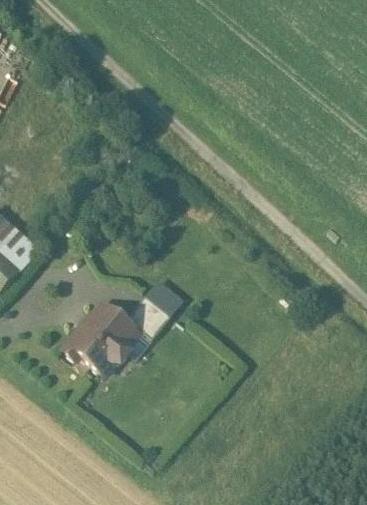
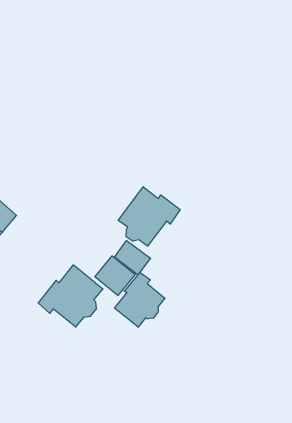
building: none -> [118,187,180,246]
building: none -> [114,272,165,327]

